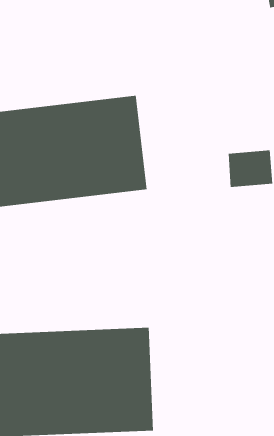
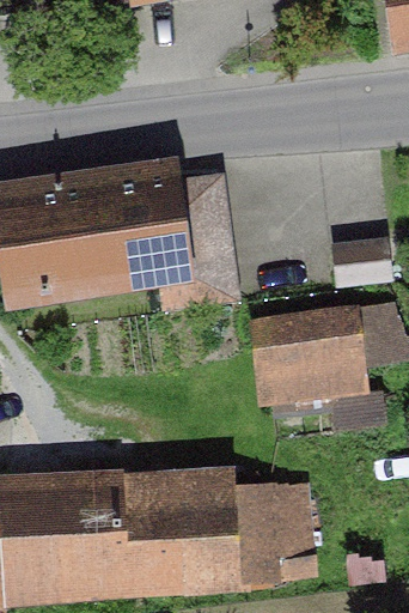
building: none -> [244,304,370,408]
building: none -> [237,482,319,591]

